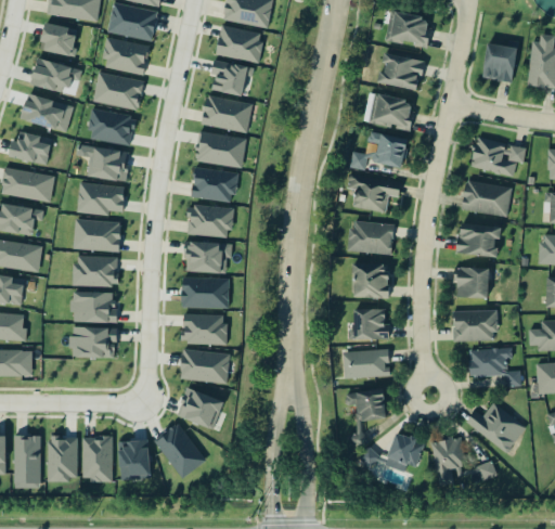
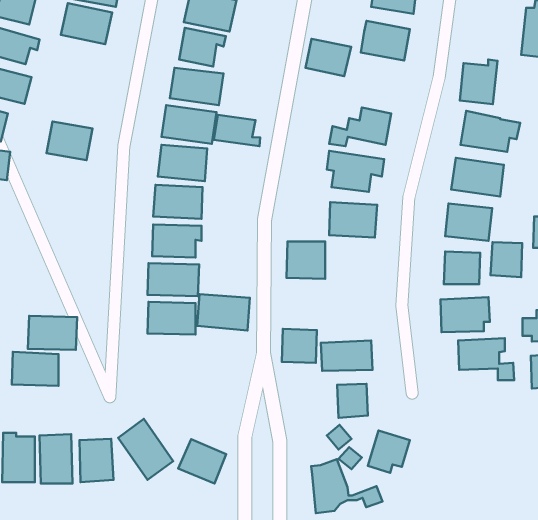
building: [482,40,517,81] -> [460,60,497,104]
building: [92,72,143,111] -> none
building: [373,94,415,129] -> [305,39,351,76]
building: [87,108,137,145] -> none
building: none -> [214,115,260,146]
building: [76,181,125,216] -> none
building: [73,219,120,250] -> none
building: [73,256,118,286] -> none
building: none -> [491,242,522,277]
building: [352,263,388,298] -> [286,241,325,279]
building: [72,291,115,322] -> [12,352,59,386]
building: [354,308,387,339] -> [282,329,317,363]
building: [180,349,229,383] -> [197,294,250,330]
building: [179,388,223,429] -> [178,439,226,484]
building: [465,402,526,453] -> none
building: [430,436,496,486] -> [311,459,383,513]

